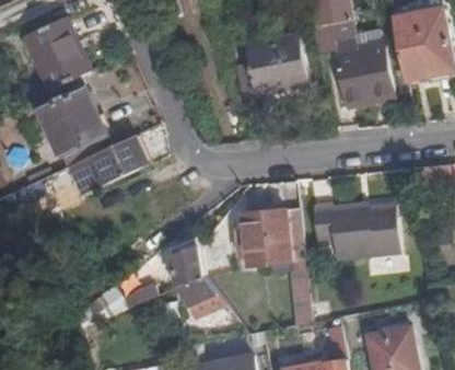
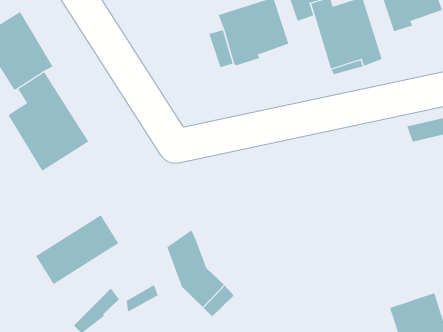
building: [68,137,147,196] -> [35,215,119,285]
building: [312,205,399,263] -> none
building: [244,207,311,324] -> none

